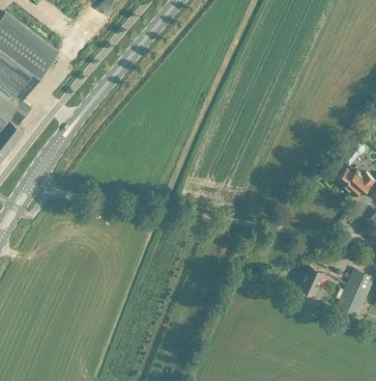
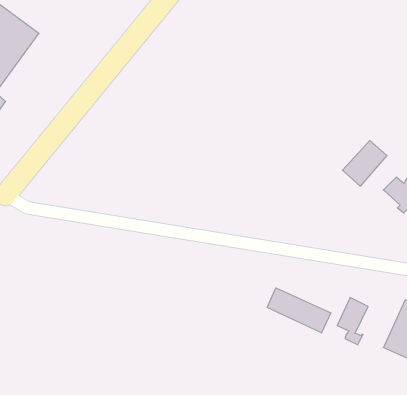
building: none -> [342,141,387,186]
building: none -> [267,288,331,333]

